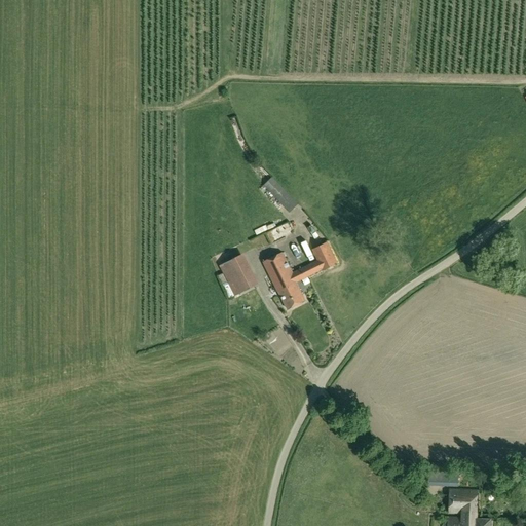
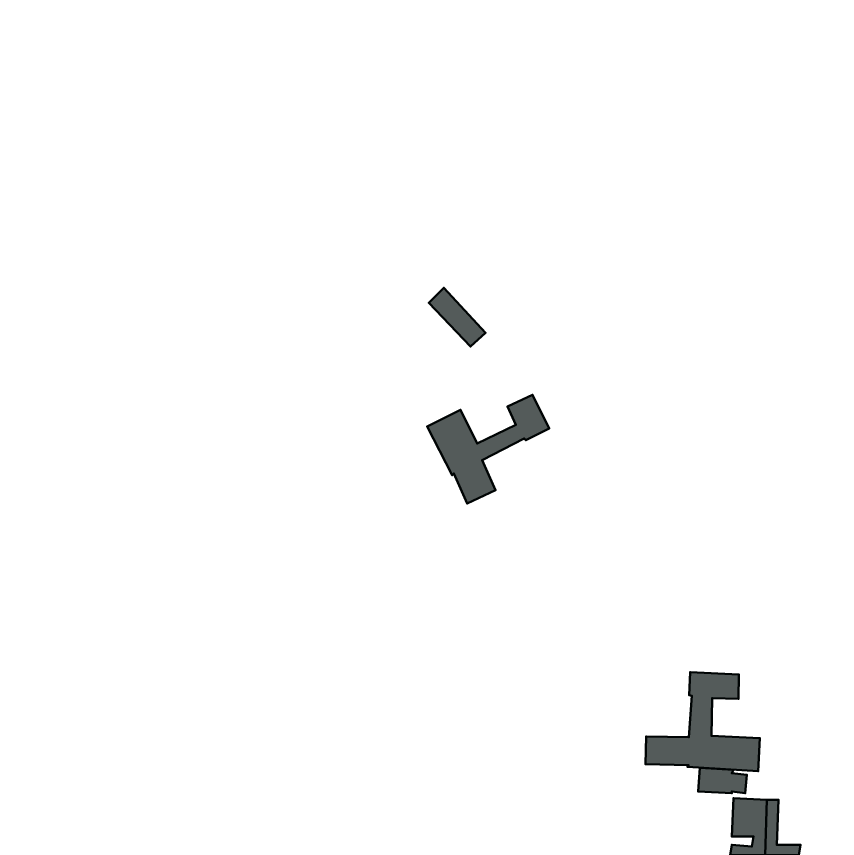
building: [219,255,258,296] -> none
building: none -> [646,672,760,771]

